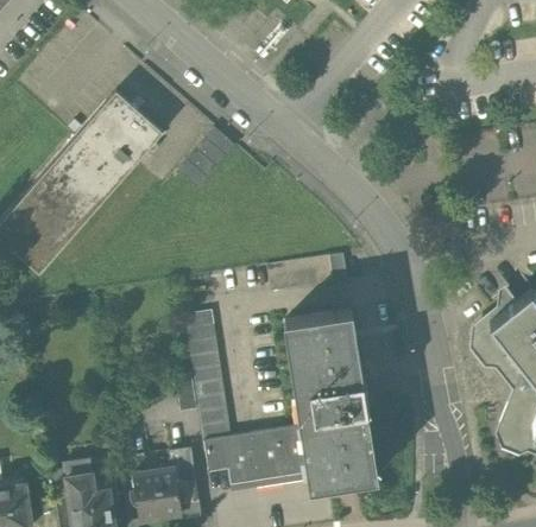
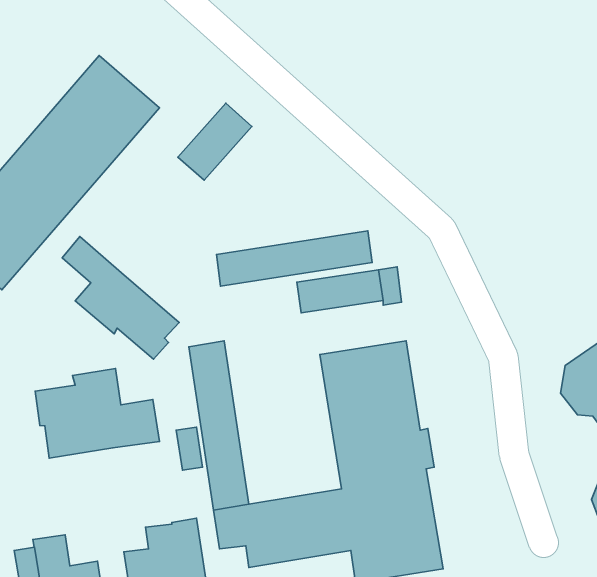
building: none -> [216,231,372,286]
building: none -> [62,236,179,359]
building: none -> [35,369,160,458]

